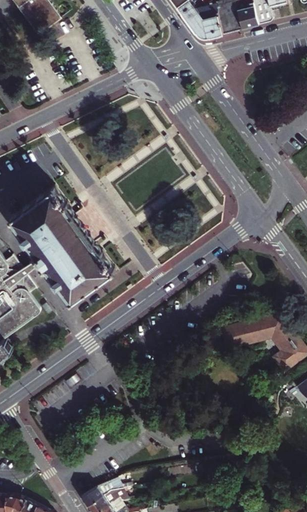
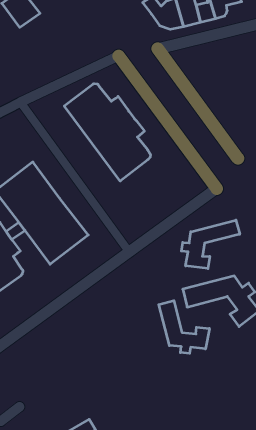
building: none -> [64,84,151,181]
building: none -> [181,220,240,269]
building: none -> [159,301,209,353]

